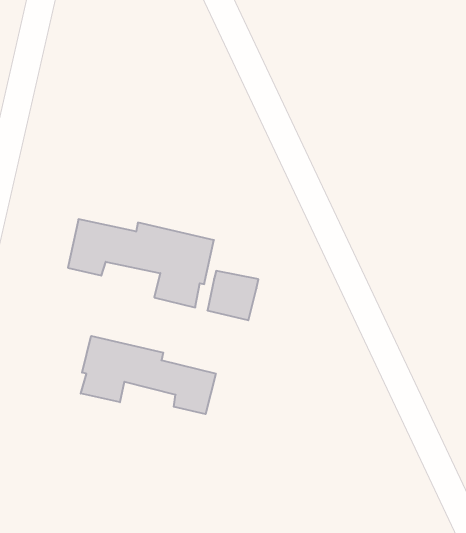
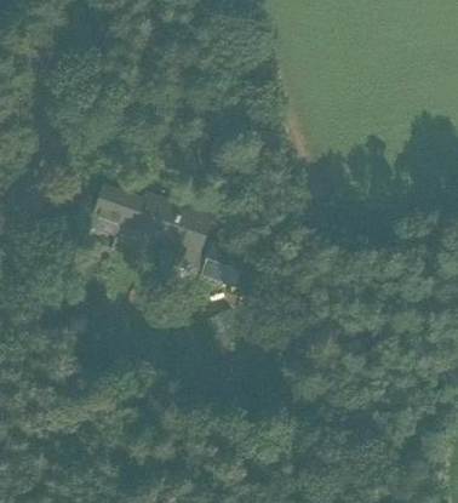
building: [81,336,216,414] -> none

